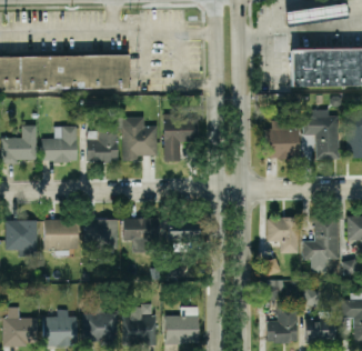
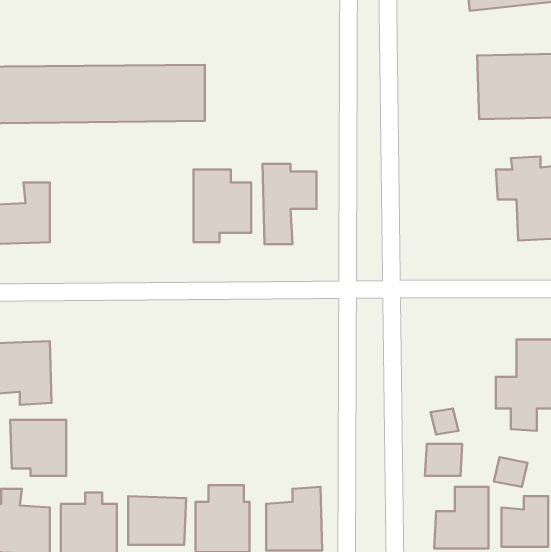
building: [267,119,299,158] -> none
building: [41,126,77,161] -> none
building: [87,129,118,161] -> none
building: [123,217,159,251] -> none
building: [267,217,299,252] -> none
building: [43,219,77,252] -> [10,420,66,476]
building: [87,219,118,247] -> none
building: [169,219,200,251] -> none

